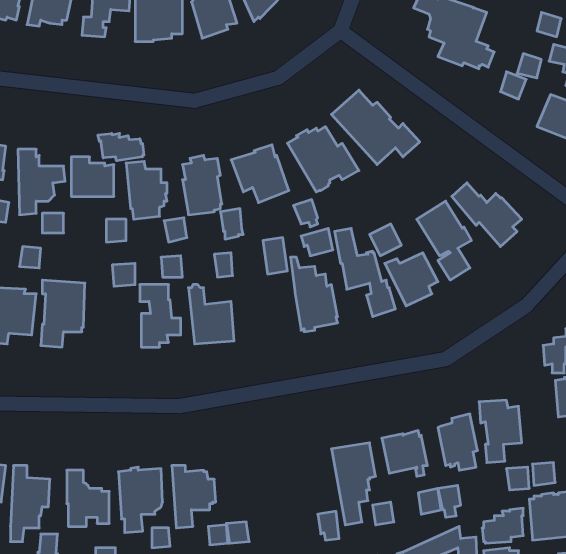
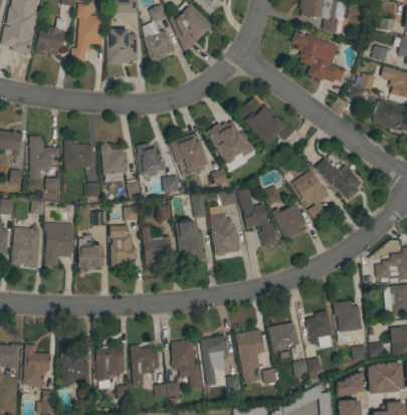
building: [98,133,144,161] -> none
building: none -> [176,218,206,259]
building: none -> [78,242,104,267]
building: none -> [201,336,229,386]
building: none -> [171,340,202,389]

